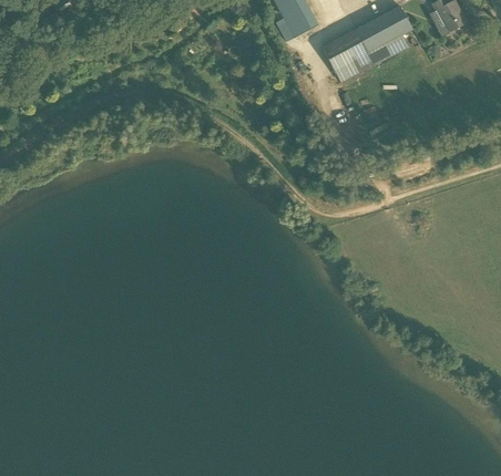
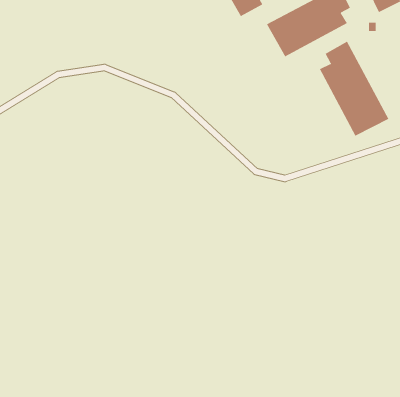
building: none -> [319,41,389,136]

